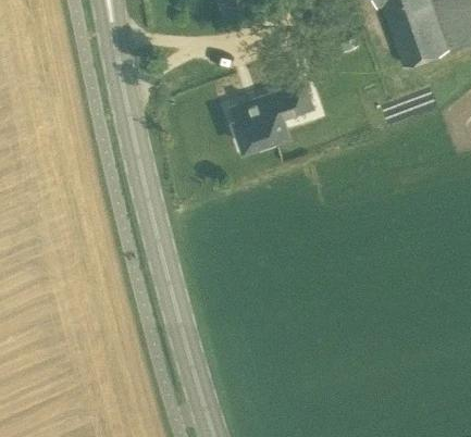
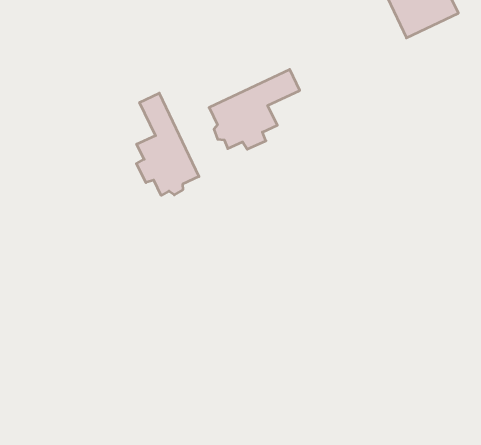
building: none -> [136,93,199,195]

